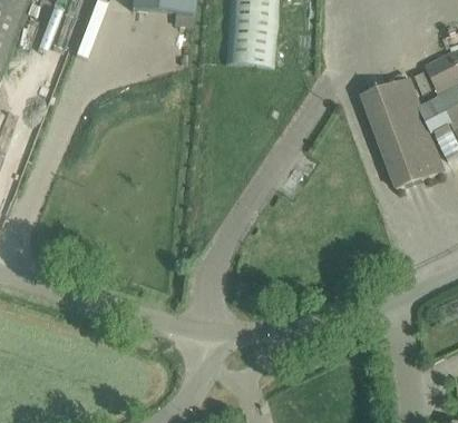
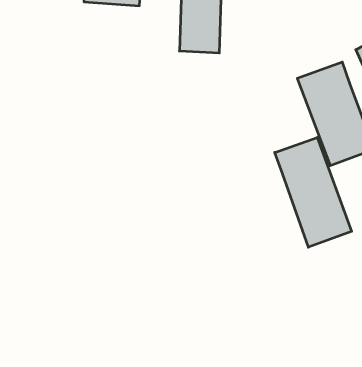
building: none -> [275,137,352,247]

